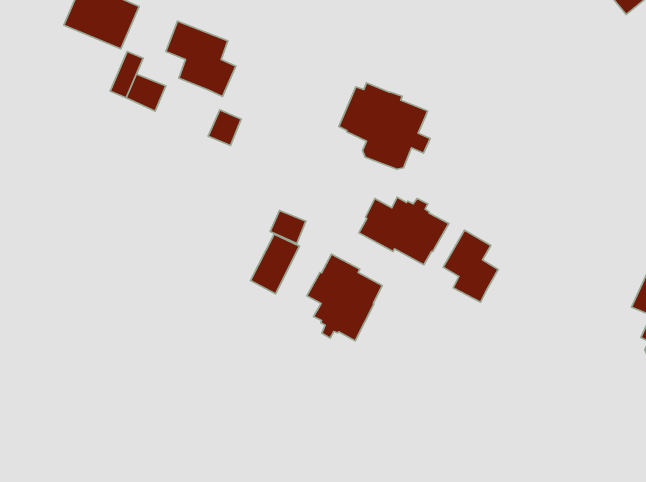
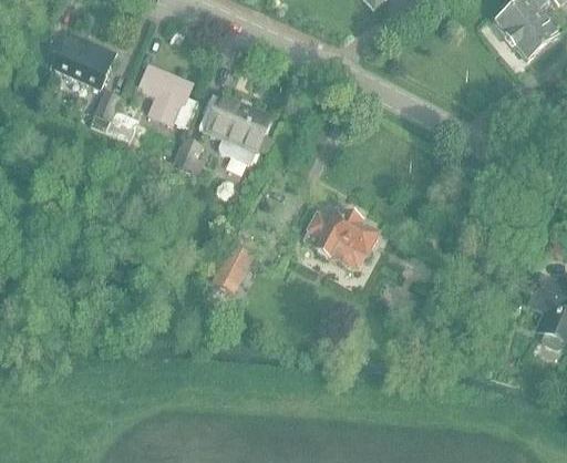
building: [339,83,430,169] -> [197,92,274,164]
building: [443,230,498,302] -> none
building: [307,254,382,341] -> none

